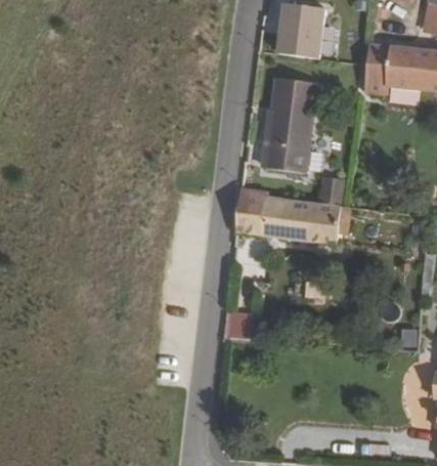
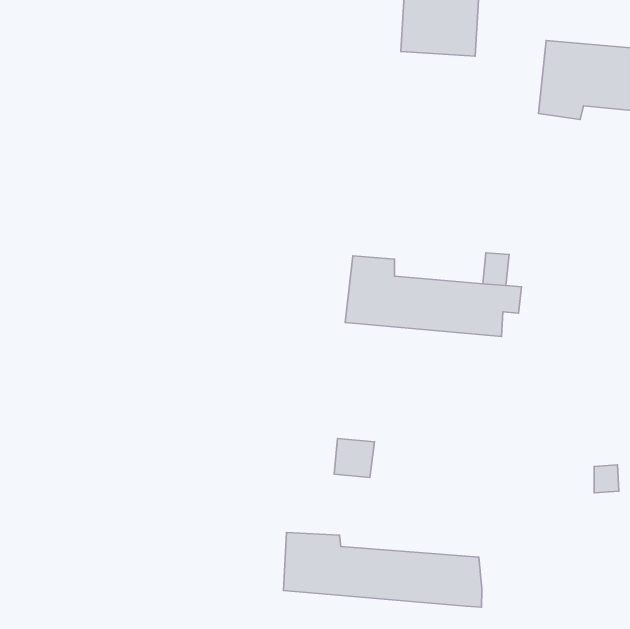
building: [264,76,318,172] -> none
building: none -> [283,533,482,607]

